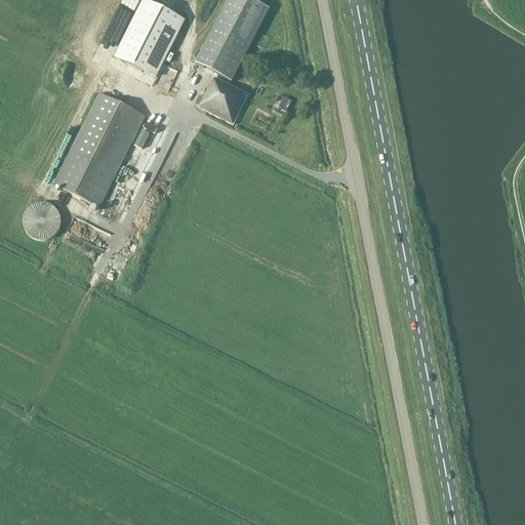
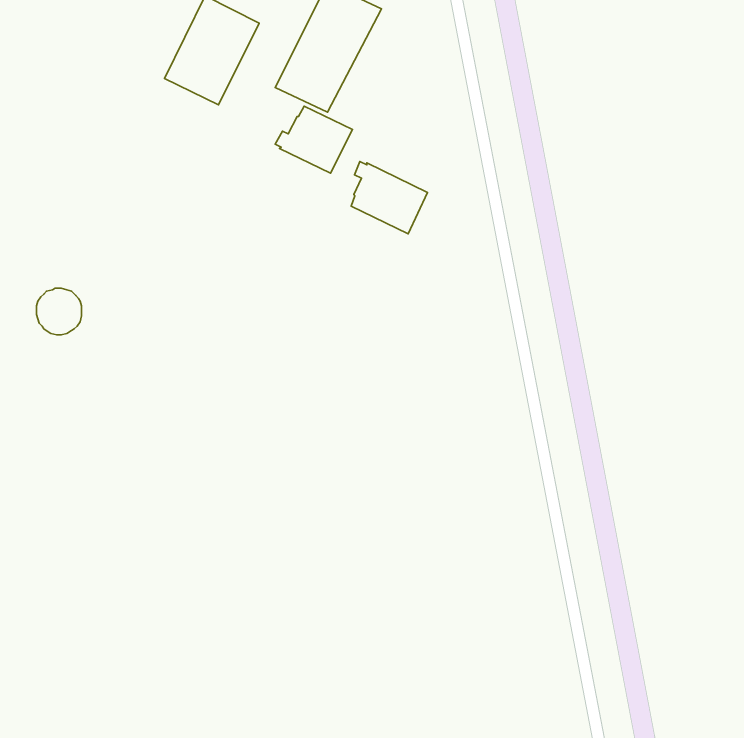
building: [52,90,145,205] -> none
building: none -> [351,162,428,234]

